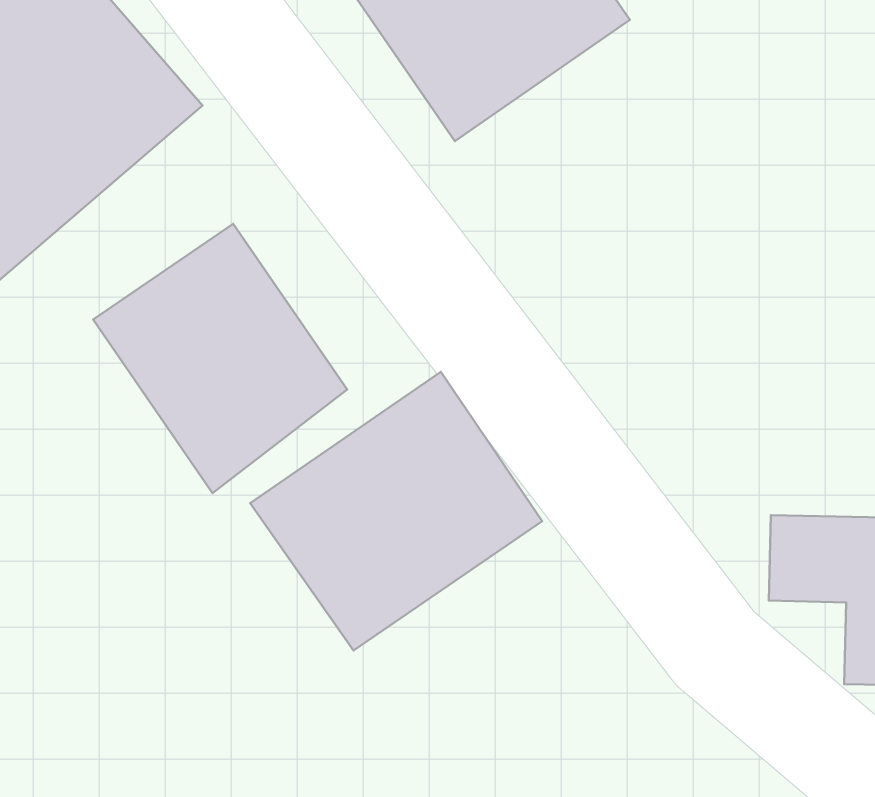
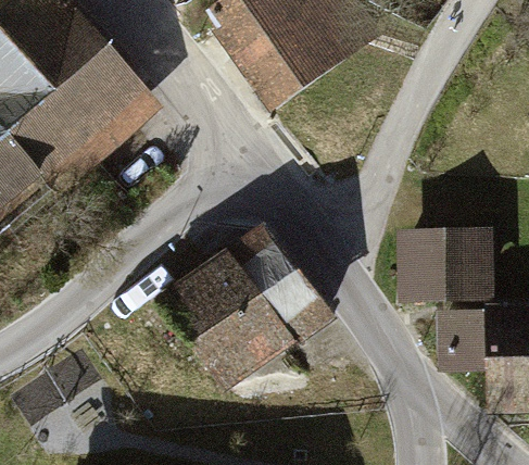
building: [93,224,347,493] -> none
building: none -> [413,226,480,296]

